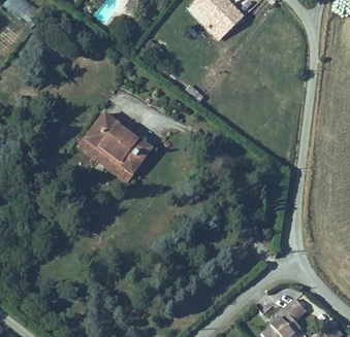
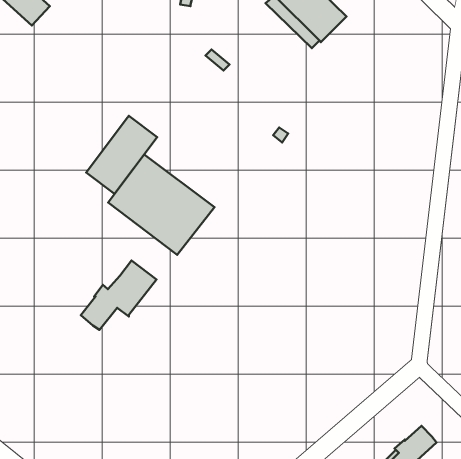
building: none -> [86,116,157,194]
building: none -> [81,261,157,330]

